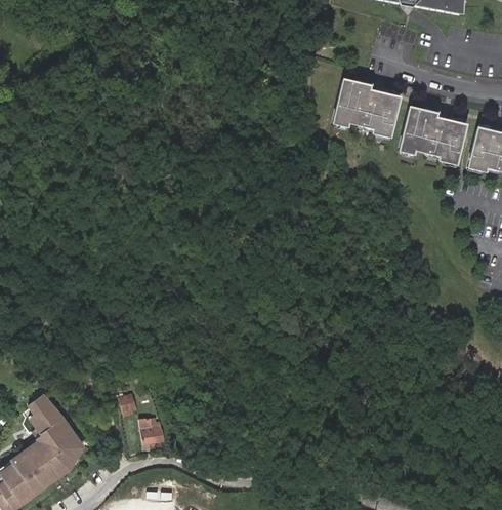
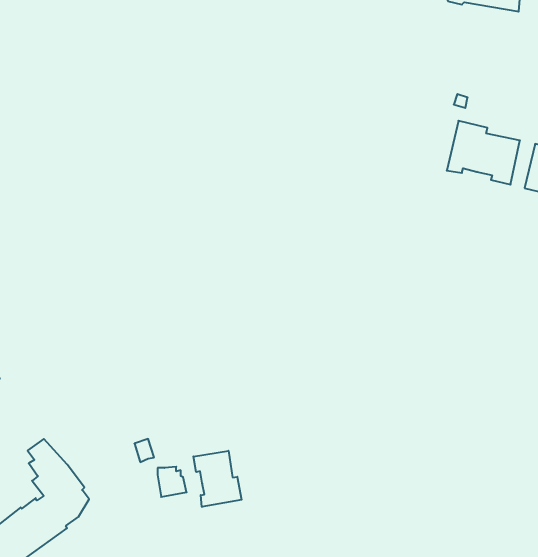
building: [333,81,399,138] -> none
building: none -> [193,451,242,507]

